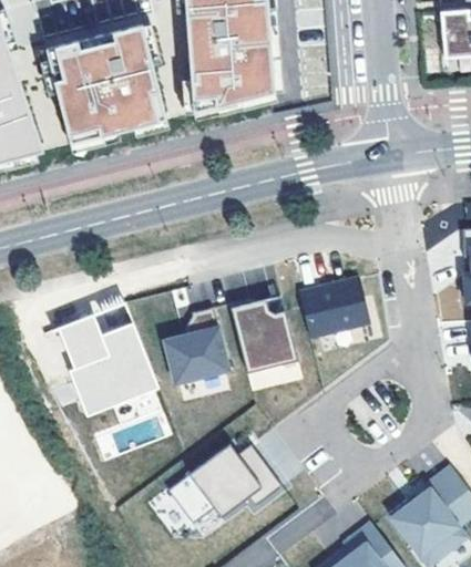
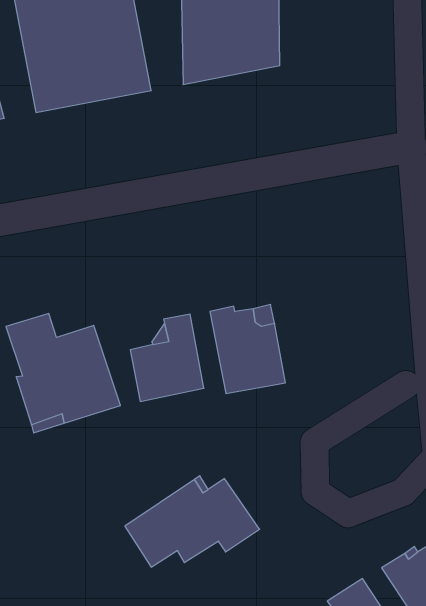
building: [297,277,369,337] -> none

